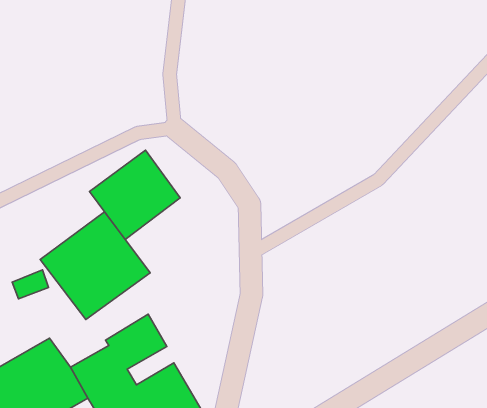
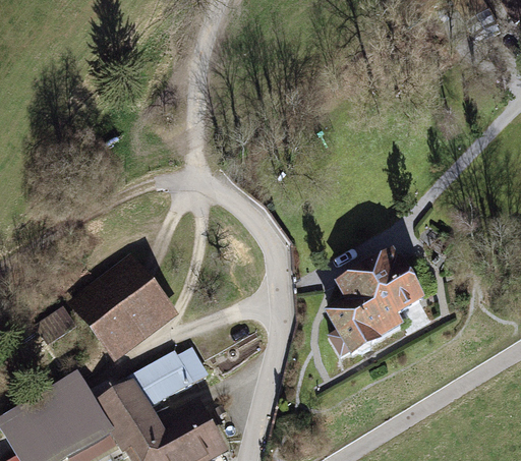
building: [90,150,180,240] -> none
building: none -> [330,261,417,355]

